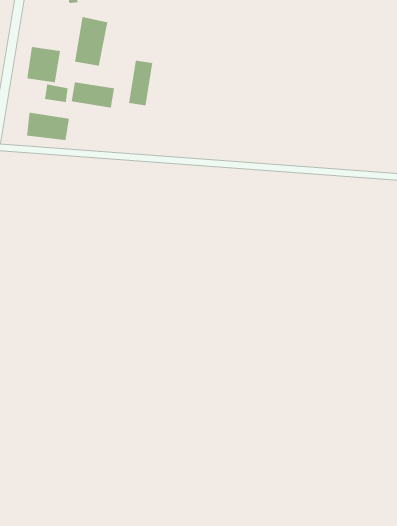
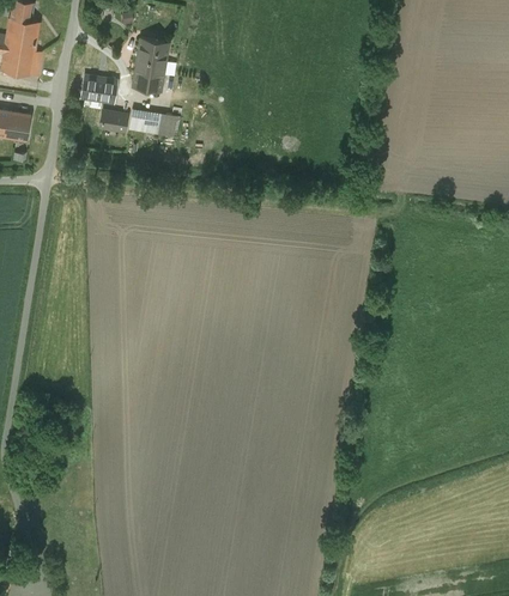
building: [128,60,153,106] -> none
building: [26,112,69,141] -> none

